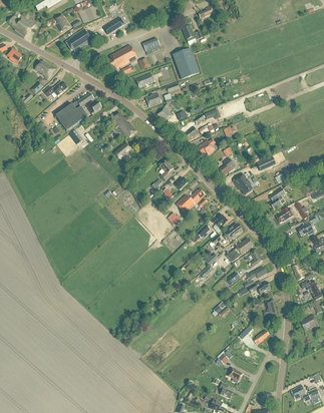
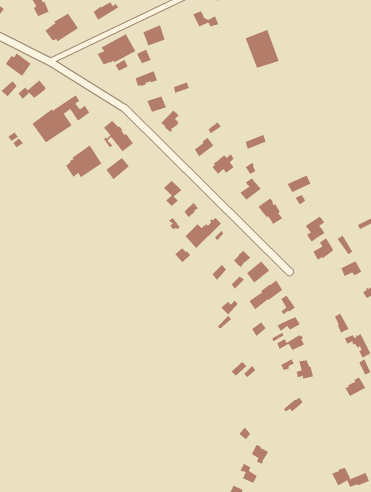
building: [172,47,199,78] -> [245,29,279,69]
building: none -> [65,145,102,178]

